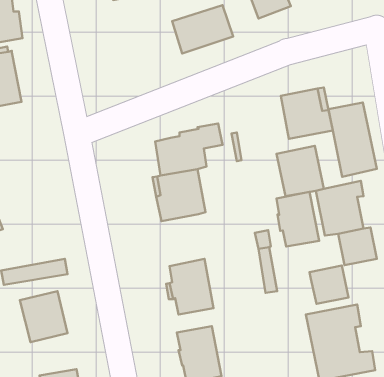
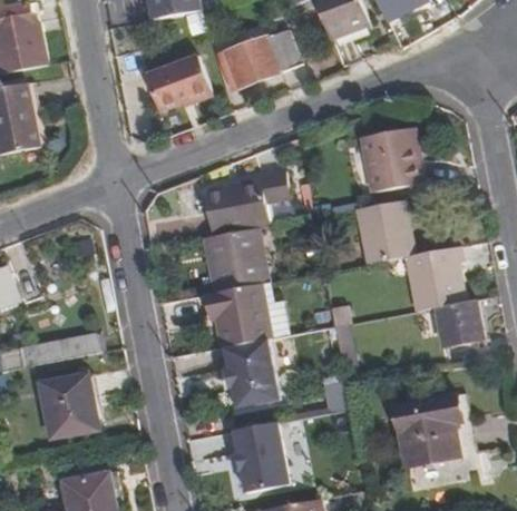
building: none -> [147,52,214,107]
building: [329,103,377,177] -> none
building: [277,192,319,247] -> none
building: none -> [206,283,270,347]
building: [310,265,348,304] -> none

